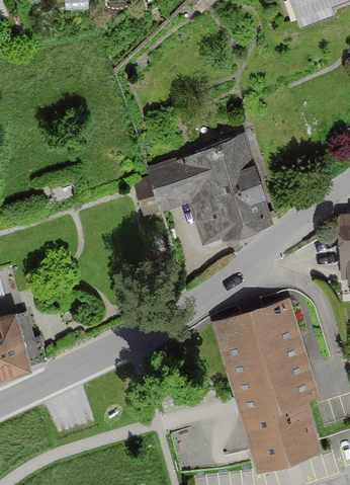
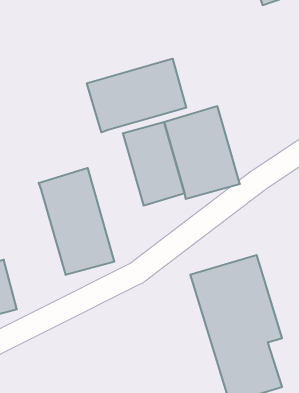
building: none -> [87,59,186,132]
building: none -> [39,168,114,275]

